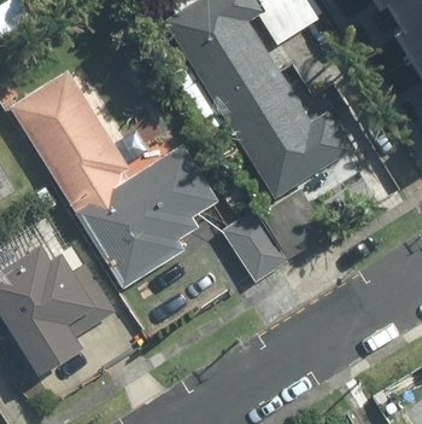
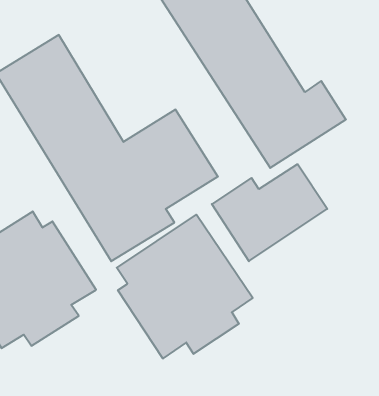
building: none -> [117,215,253,359]

